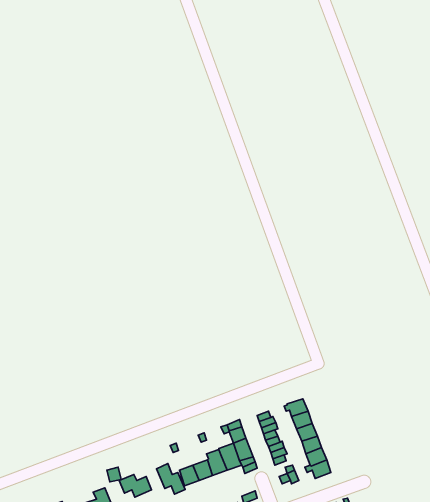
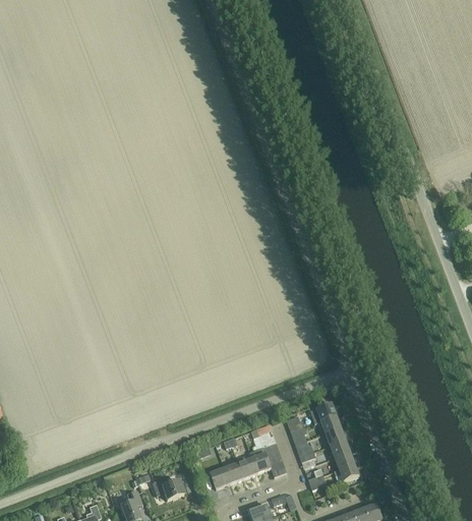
building: [157,464,185,494] -> none

